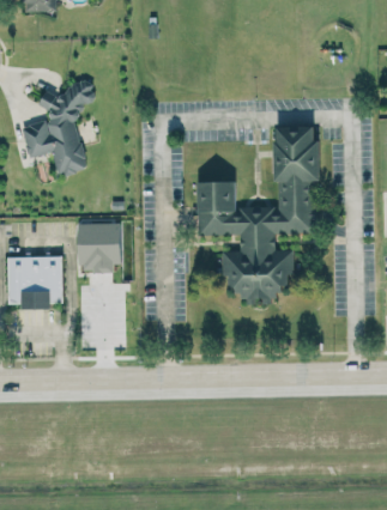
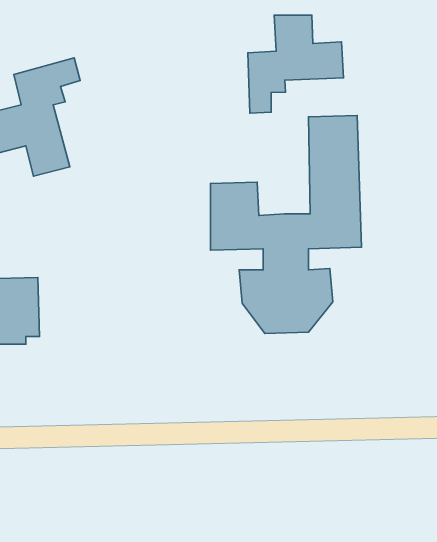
building: none -> [248,15,343,113]
building: [78,223,121,273] -> none

